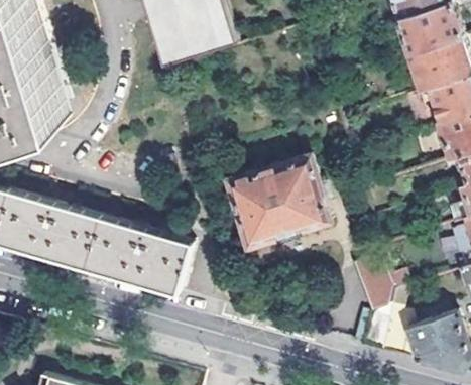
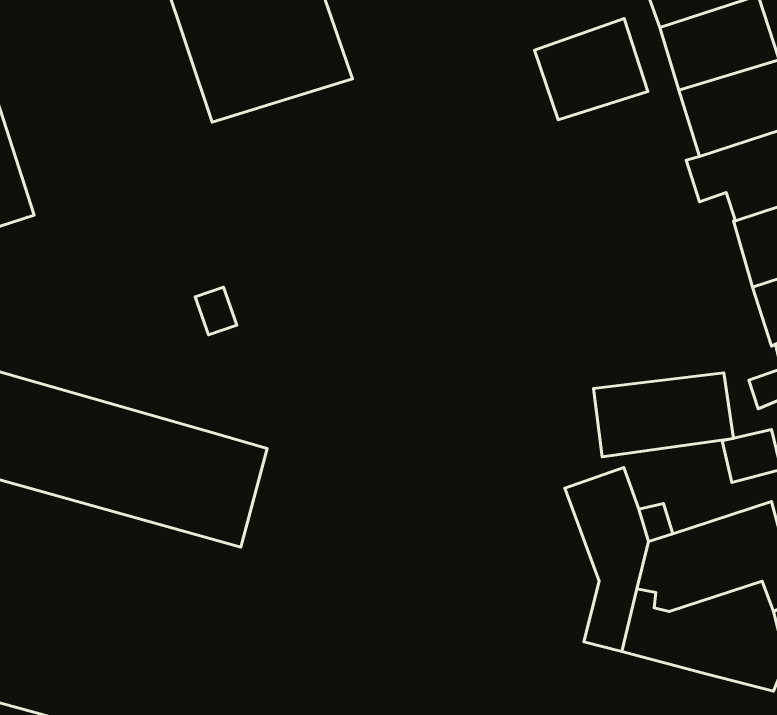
building: none -> [534,19,648,120]
building: [228,156,330,246] -> none
building: none -> [594,373,733,457]

